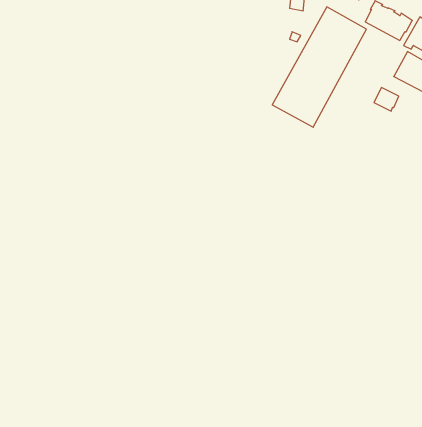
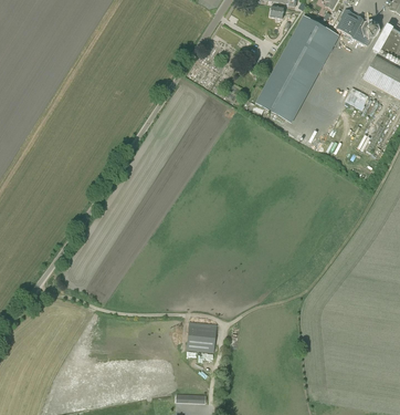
building: none -> [186,321,217,352]

